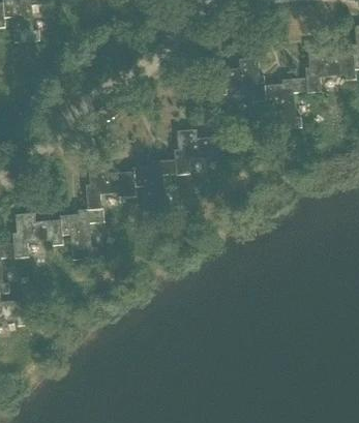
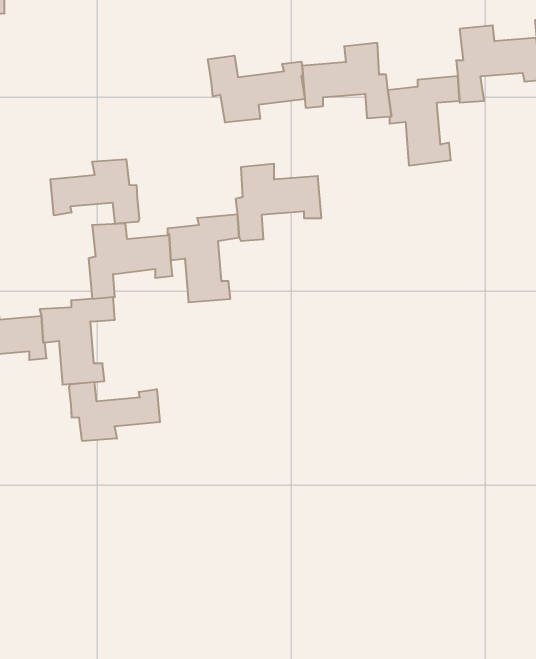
building: none -> [208,56,305,123]
building: none -> [51,159,139,224]
building: none -> [69,382,160,441]

